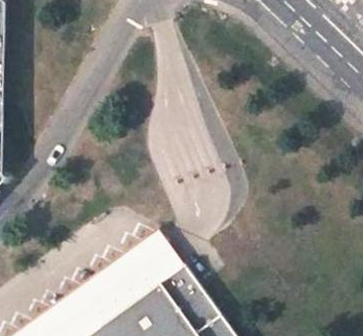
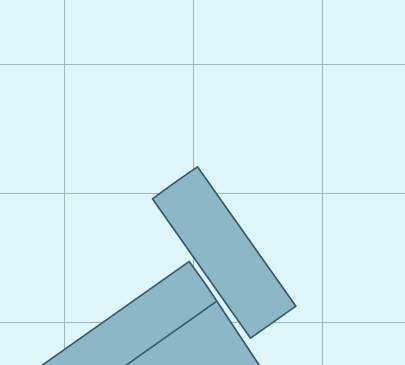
building: none -> [153,167,296,338]

